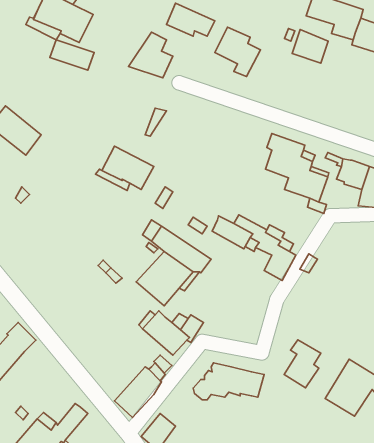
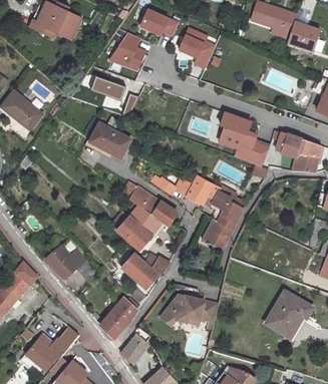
building: [292,29,328,63] -> none
building: [50,40,94,70] -> [92,75,127,99]
building: none -> [203,219,232,249]
building: none -> [46,239,97,282]
building: [284,340,321,388] -> none

